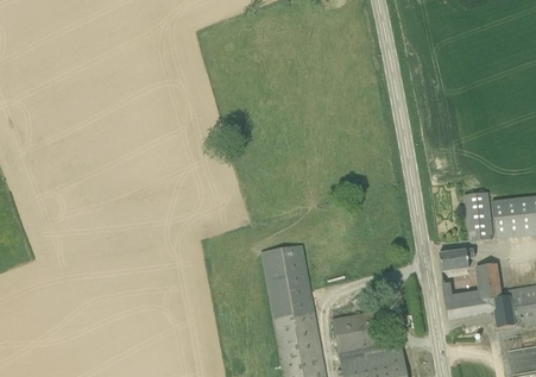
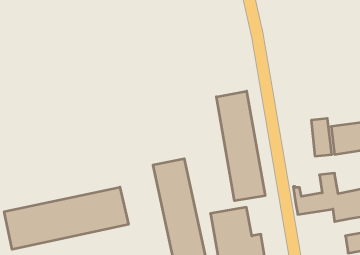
building: none -> [216,91,265,201]
building: [439,250,474,272] -> none
building: none -> [4,187,128,249]

